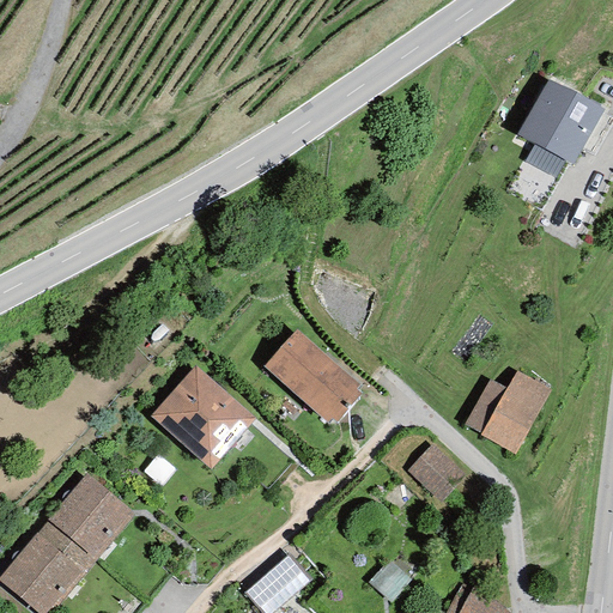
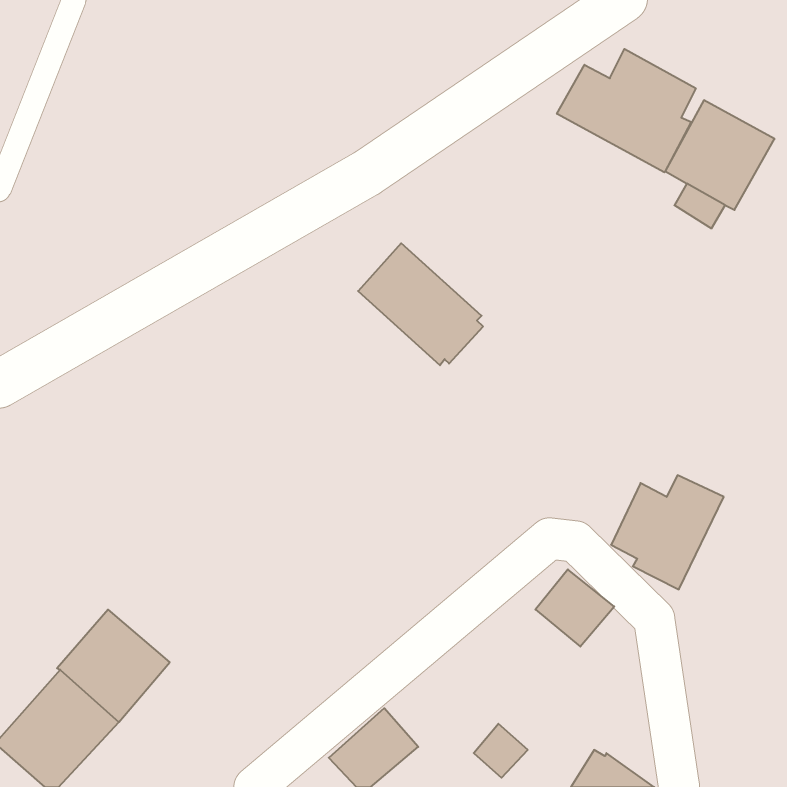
building: none -> [557,49,696,172]
building: [262,328,359,423] -> [358,243,483,365]
building: [148,364,254,468] -> none

